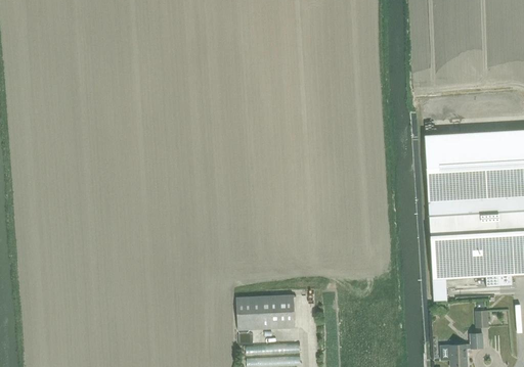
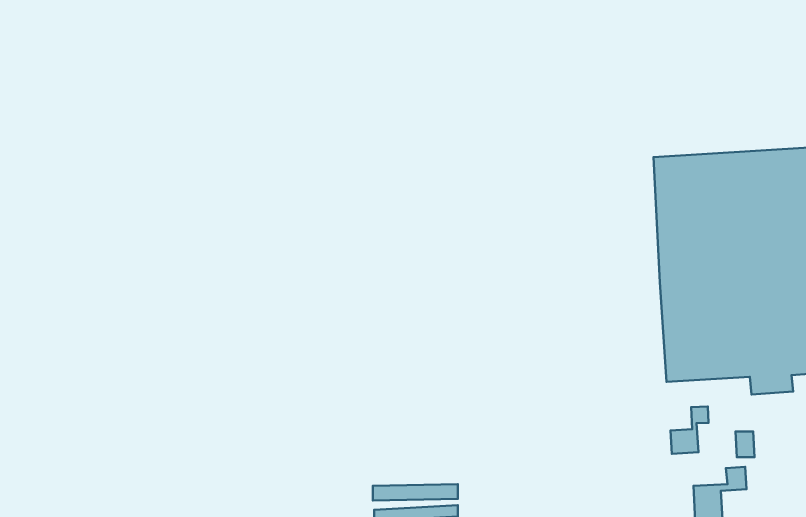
building: none -> [671,406,709,454]
building: [237,294,296,329] -> none

